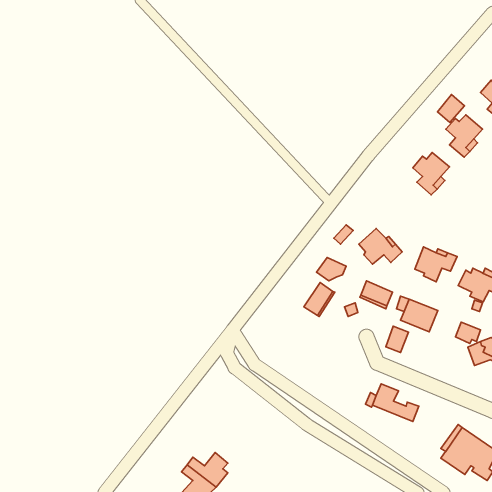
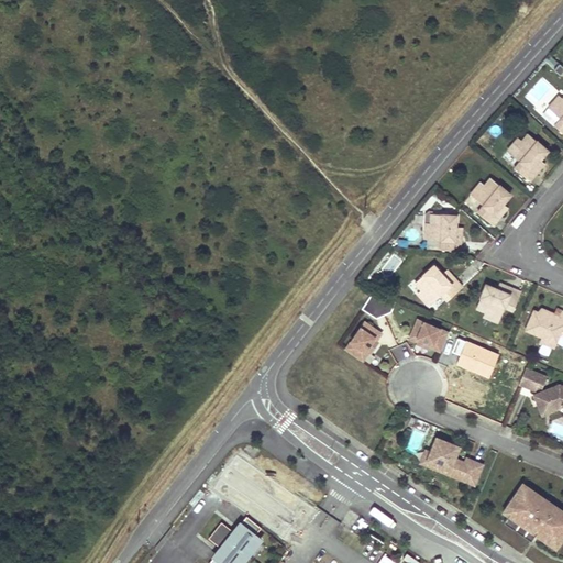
building: [437,94,464,123] -> none
building: none -> [422,211,459,250]
building: [386,326,408,352] -> none

